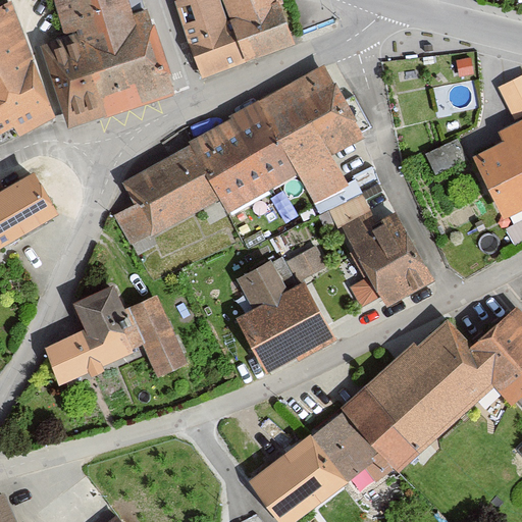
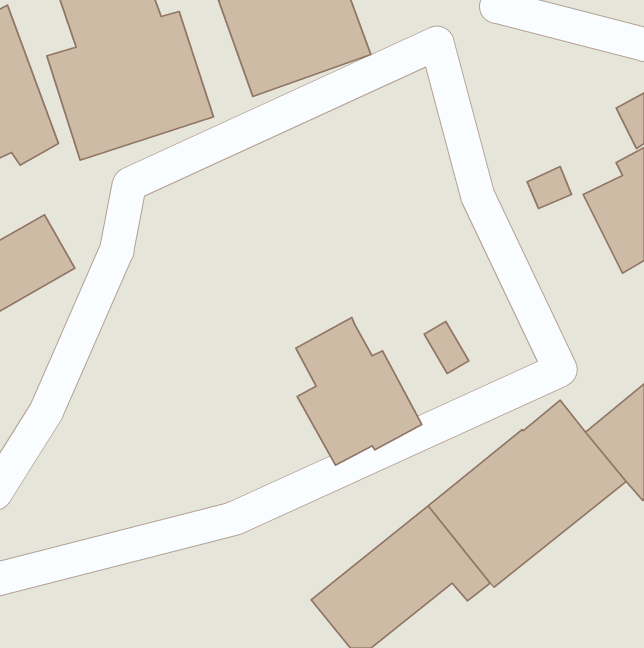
building: [112,64,367,254] -> none
building: [328,193,437,308] -> none
building: [284,244,328,285] -> none
building: [46,284,188,384] -> none

